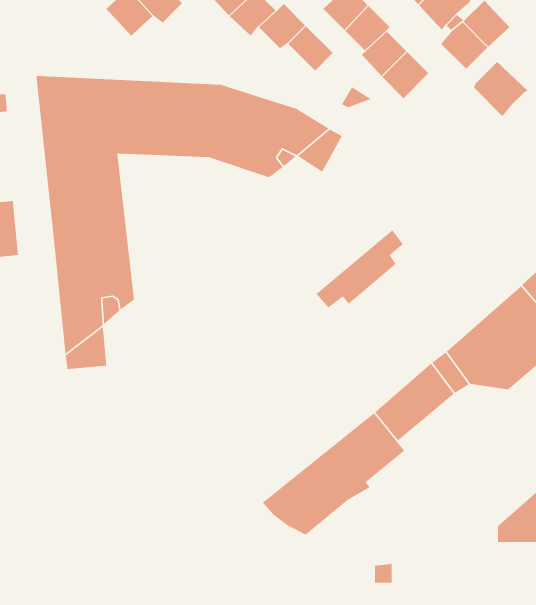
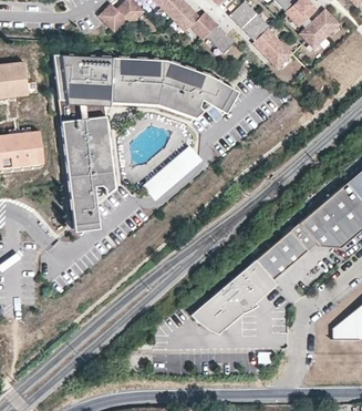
building: [473,61,529,117] -> none
building: [315,229,404,308] -> [145,146,198,194]

